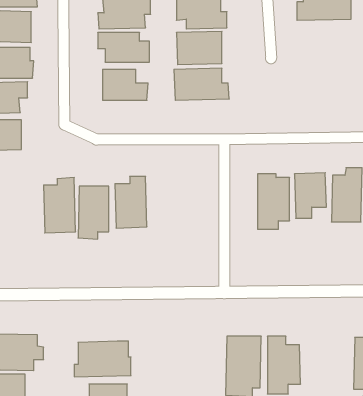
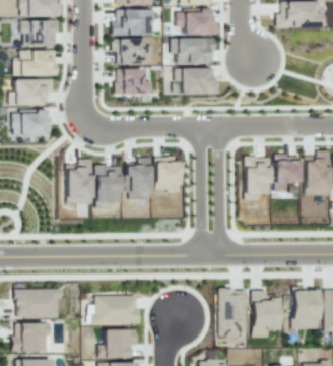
building: none -> [155,159,181,191]
building: none -> [292,287,319,329]

